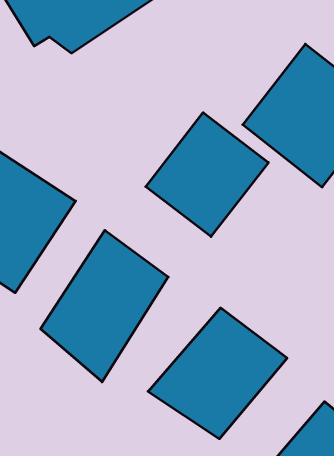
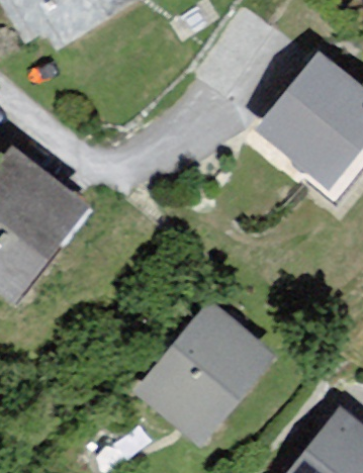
building: [146,113,268,237] -> none
building: [41,230,168,382] -> none

